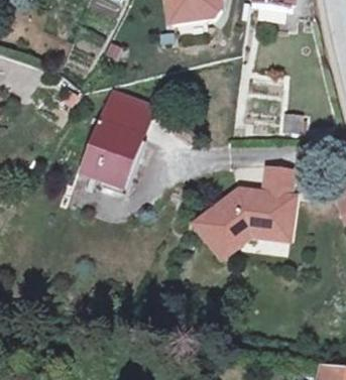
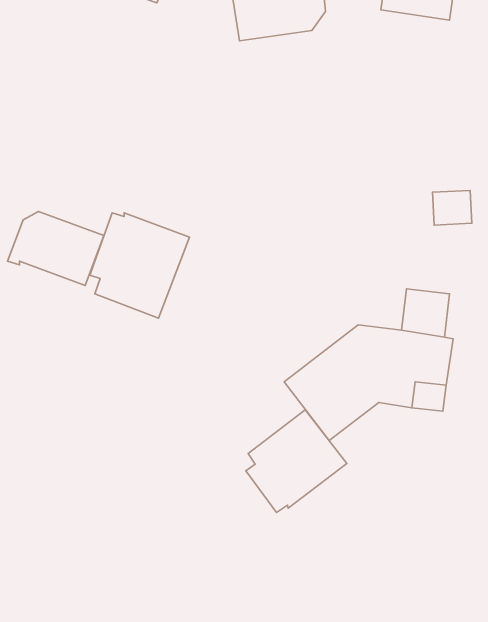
building: [94,96,150,139] -> [8,211,104,285]
building: none -> [246,410,347,513]

